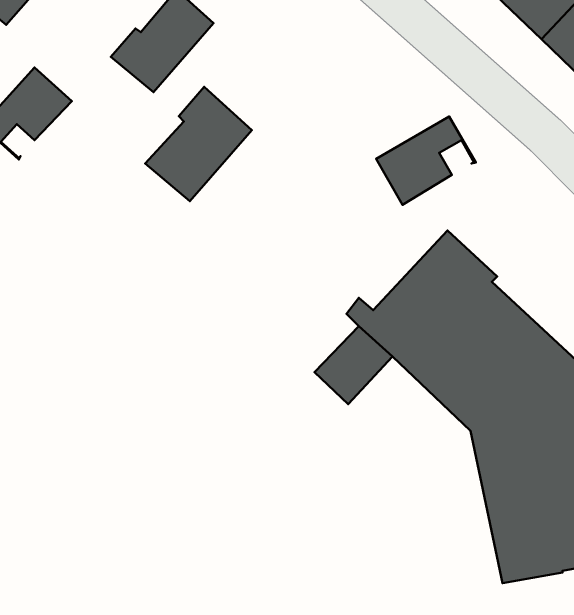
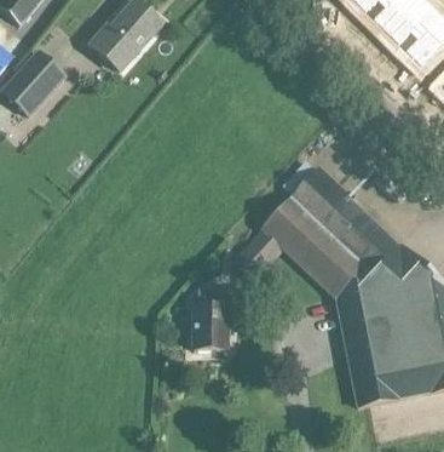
building: [145,87,252,201] -> none
building: [376,116,476,205] -> none
building: none -> [192,288,232,349]

